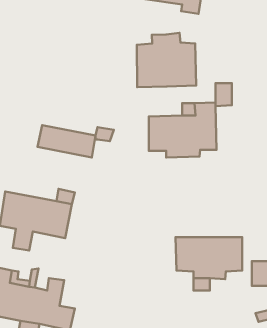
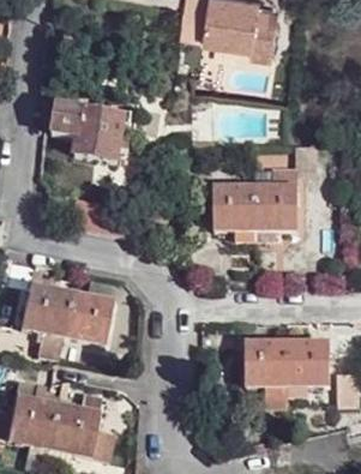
building: [137,33,196,87] -> none
building: none -> [52,106,122,161]

